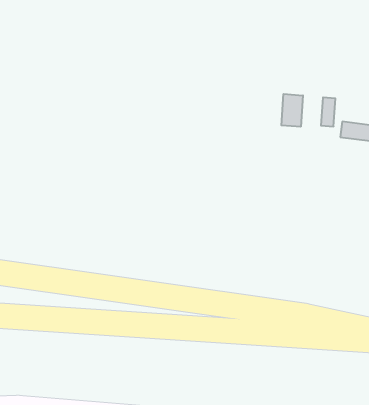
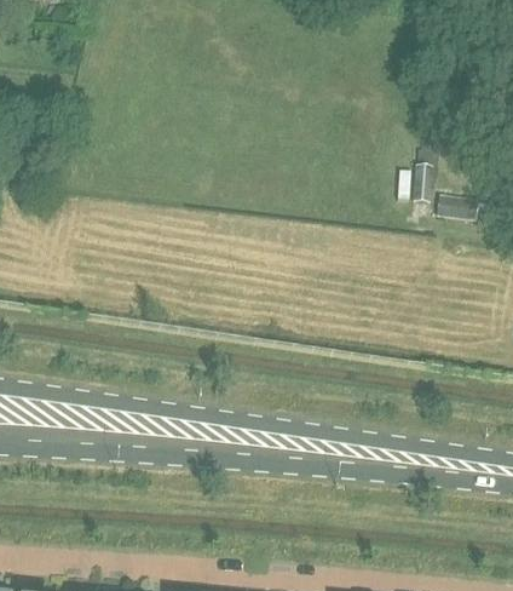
building: [281,94,303,127] -> none

